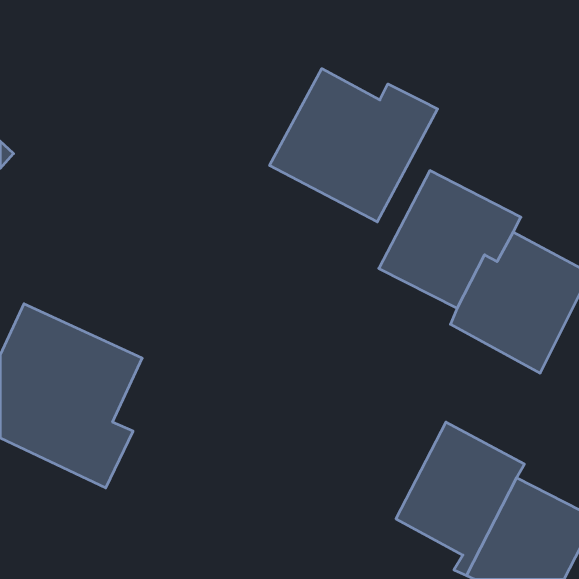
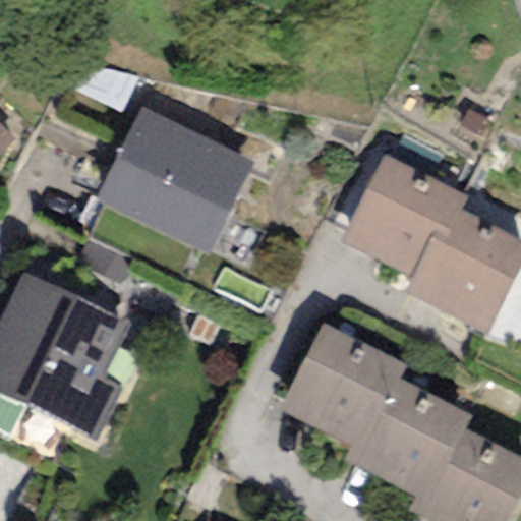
building: [270,69,438,222] -> none
building: none -> [98,107,256,254]
building: none -> [279,322,408,464]

